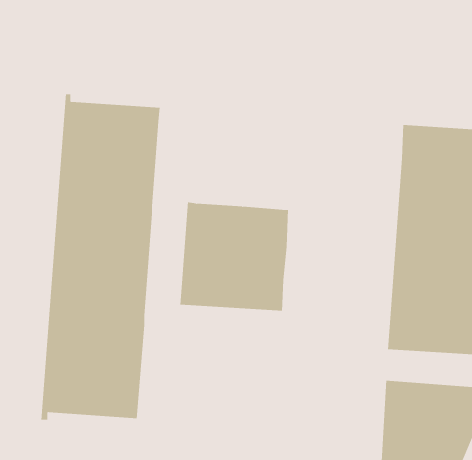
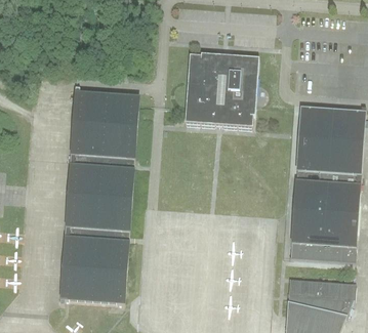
building: [180,202,289,311] -> [183,53,256,126]

